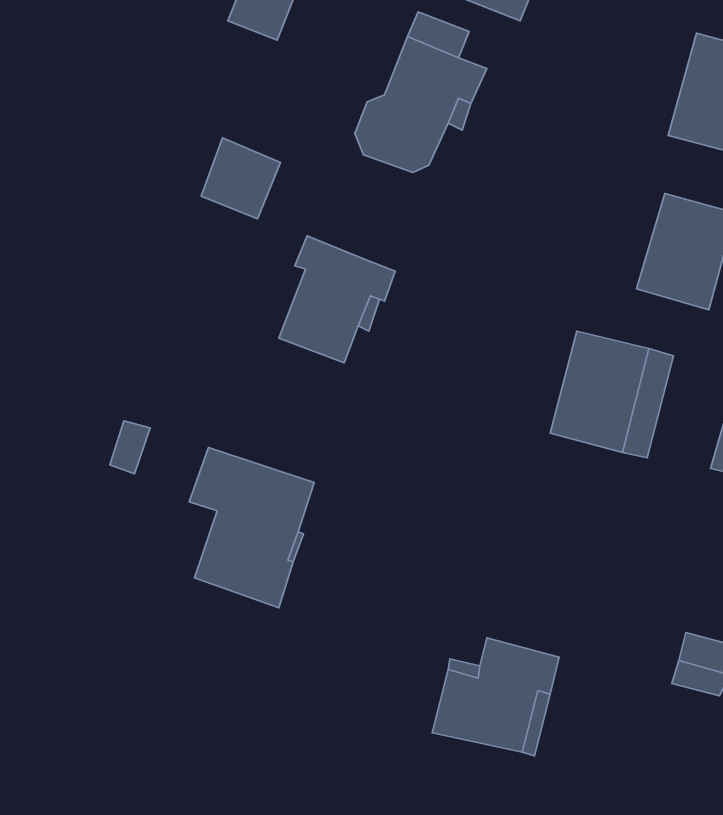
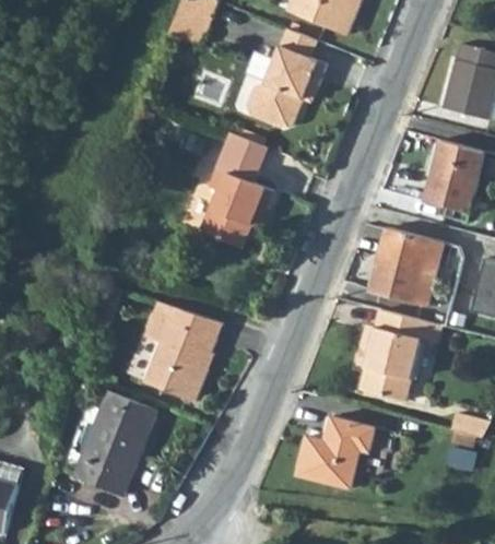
building: [201,138,281,219] -> [217,131,267,181]
building: none -> [352,308,438,401]
building: none -> [76,391,154,492]

